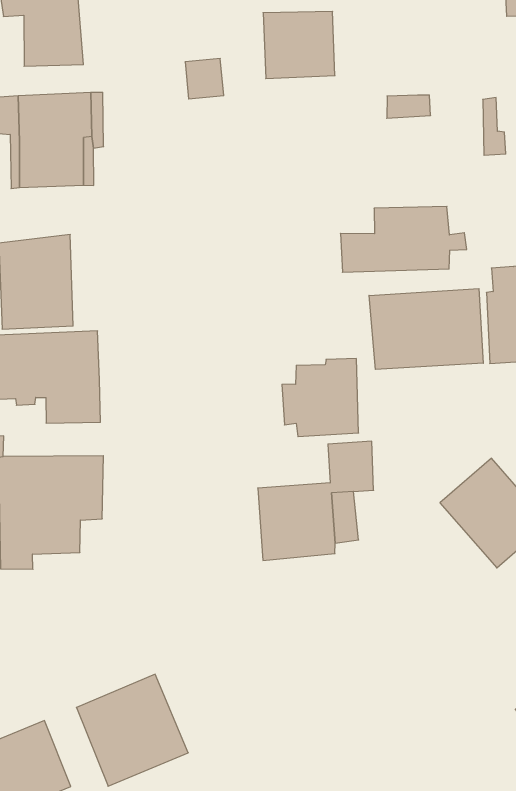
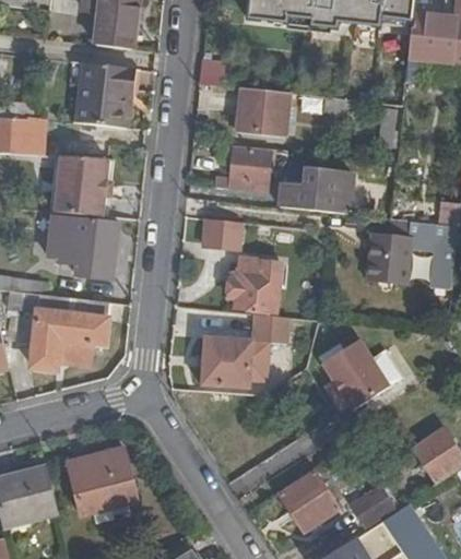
building: [263,11,335,79] -> [238,88,287,135]
building: none -> [222,148,270,188]
building: [369,289,483,369] -> none
building: none -> [203,219,244,250]
building: none -> [277,471,340,532]

